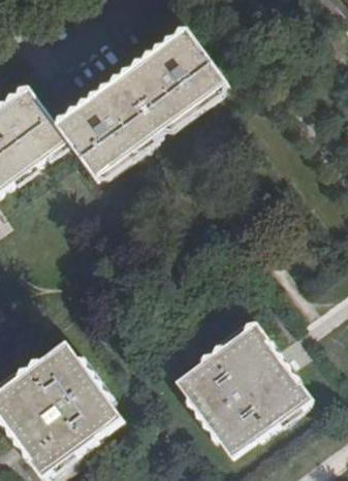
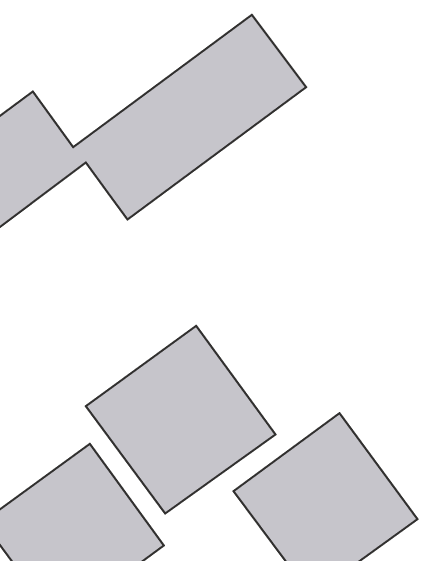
building: none -> [86,326,275,514]

